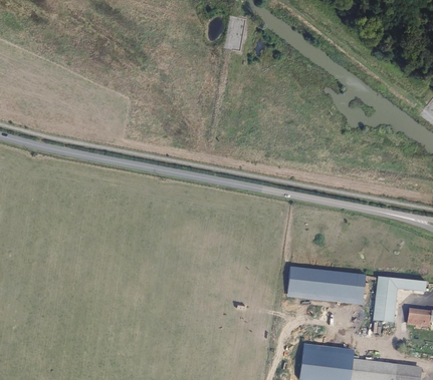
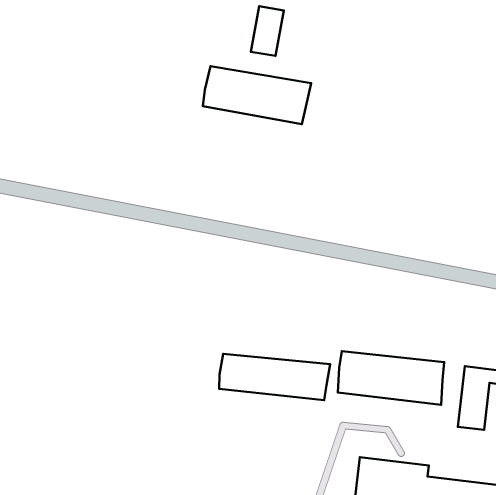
building: none -> [203,66,311,124]
building: none -> [219,354,330,400]

